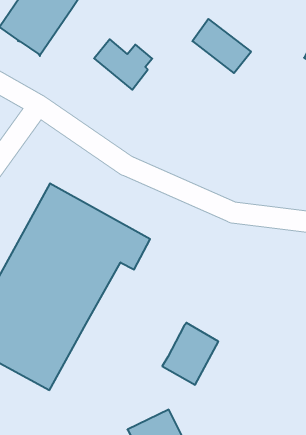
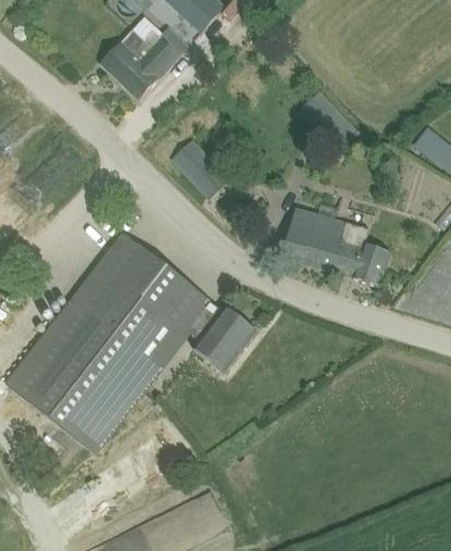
building: [94,39,152,90] -> [172,140,233,197]
building: none -> [281,202,389,286]
building: [162,323,218,385] -> [192,306,255,373]

